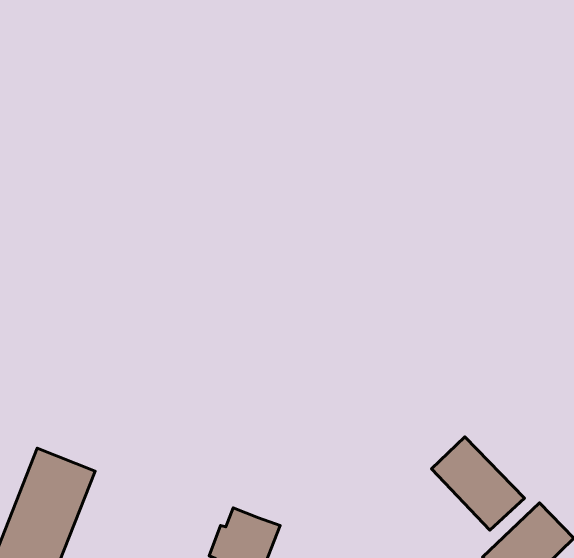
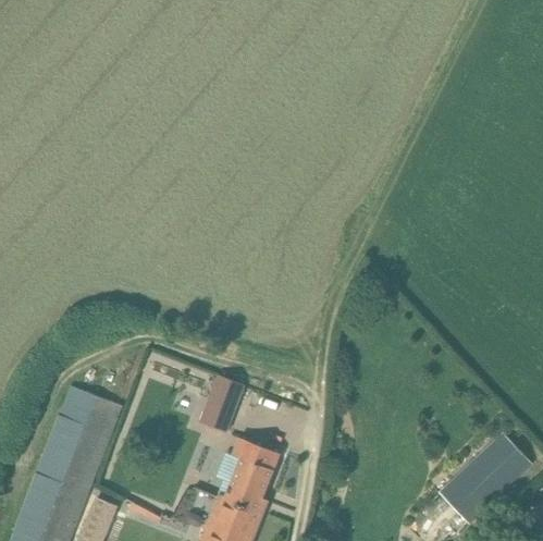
building: none -> [198,377,245,434]
building: [432,437,525,530] -> none

